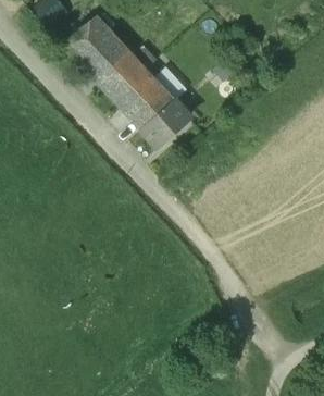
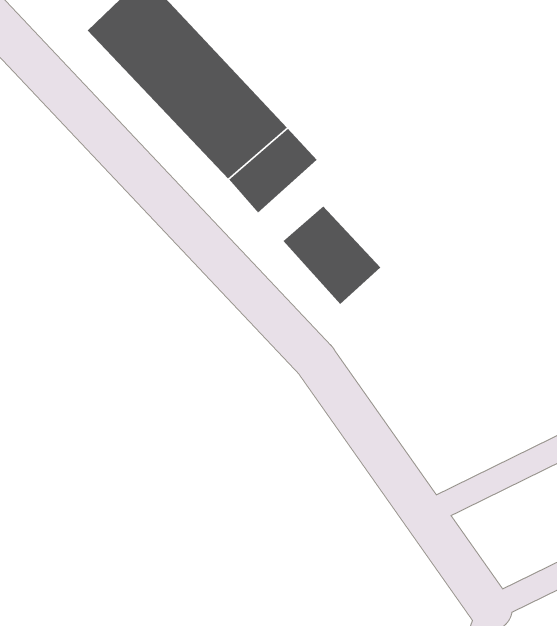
building: none -> [283,206,381,305]

